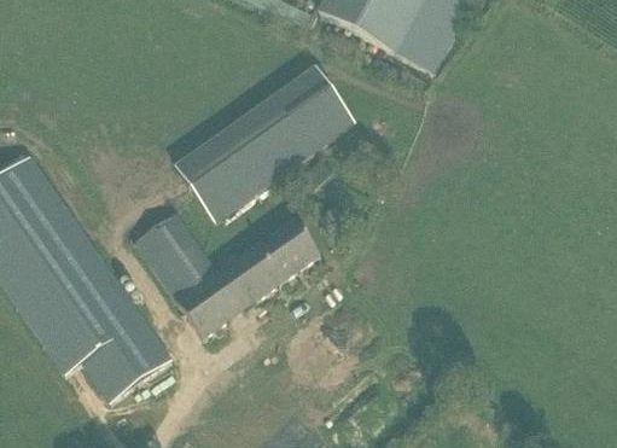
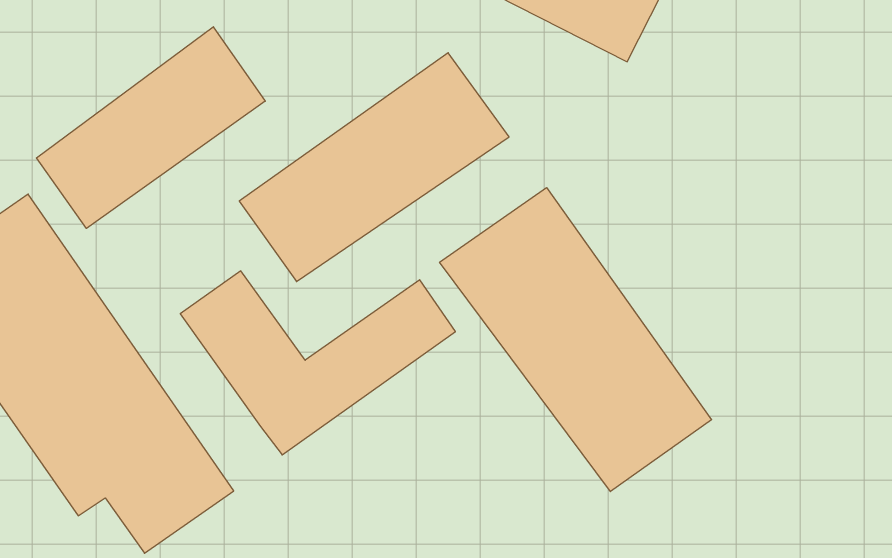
building: none -> [36,27,265,228]
building: none -> [440,188,712,492]

